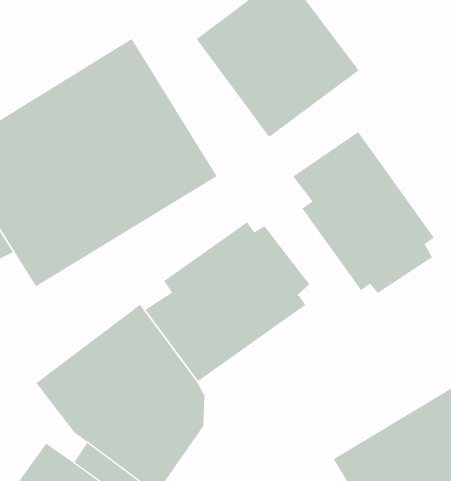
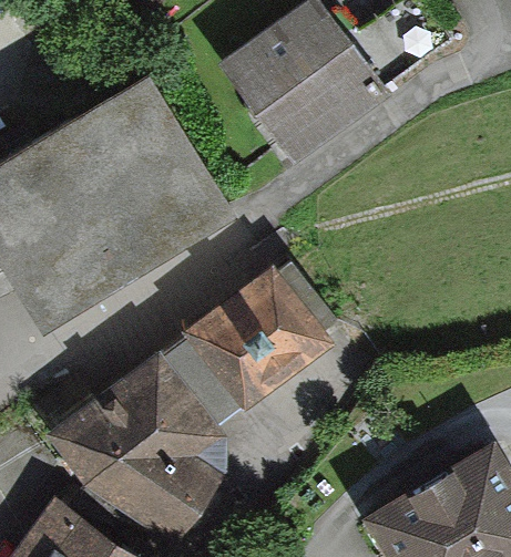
building: [292,131,434,294] -> none

